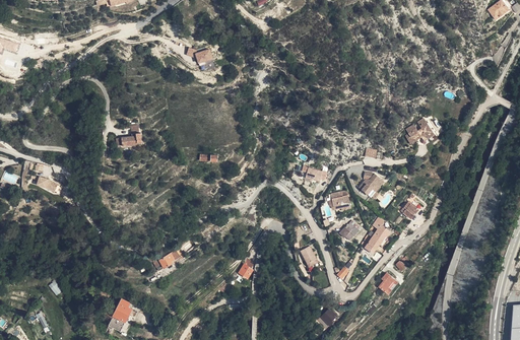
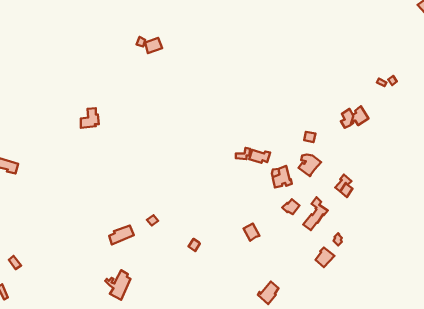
building: [106,297,133,329] -> [105,270,131,300]

